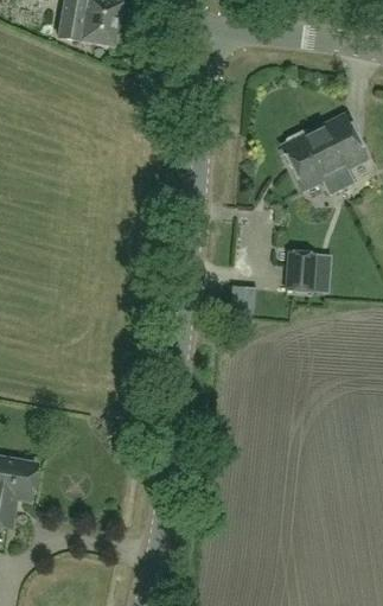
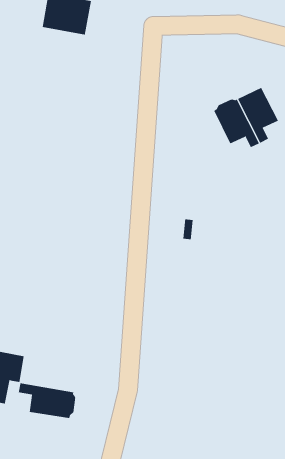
building: [287,251,317,292] -> none
building: none -> [18,382,76,419]

